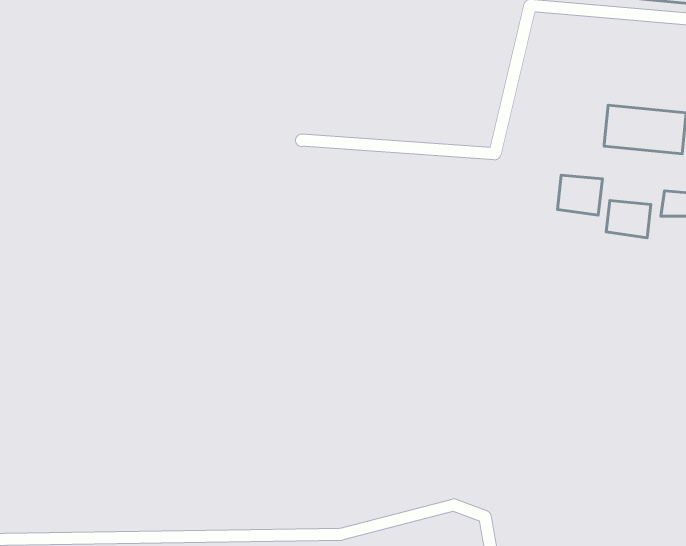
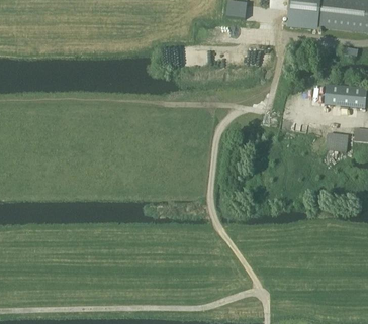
building: [557,175,602,215] -> none

